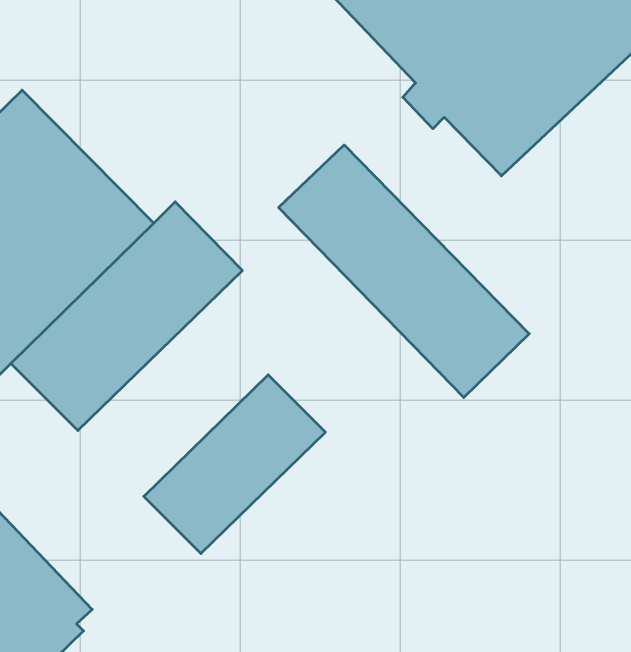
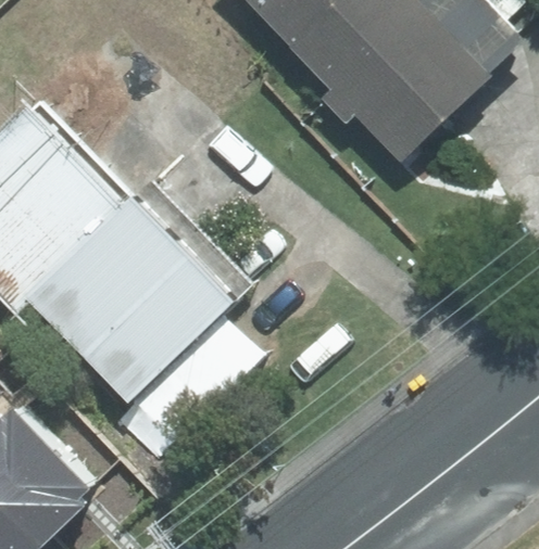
building: [279,145,529,398] -> none
building: none -> [76,231,251,403]

